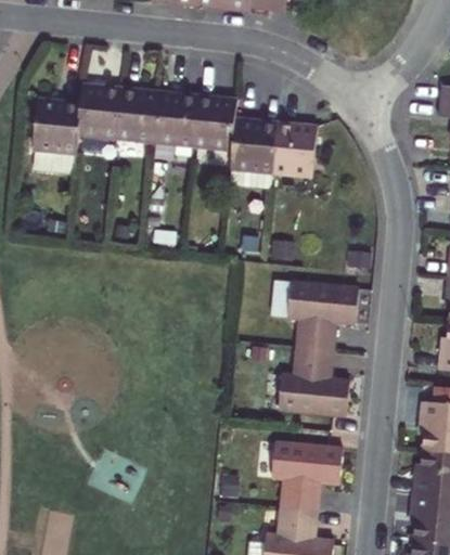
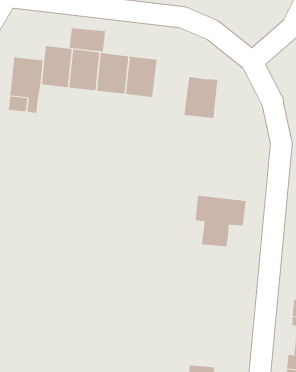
building: none -> [69,27,106,52]
building: [228,116,279,189] -> none
building: [278,346,347,414] -> none
building: [270,443,339,511] -> none

